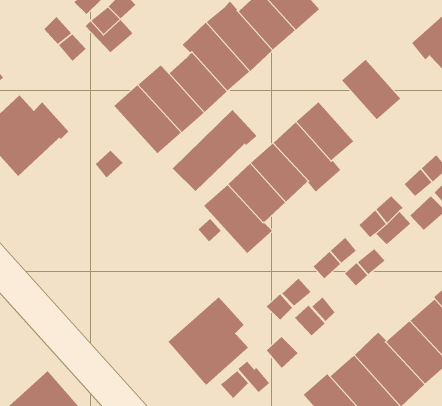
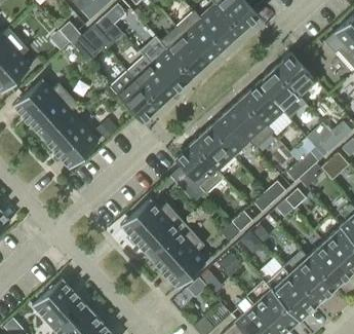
building: none -> [258,68,300,112]
building: [172,109,258,192] -> none
building: none -> [41,110,100,169]
building: none -> [120,198,186,257]

